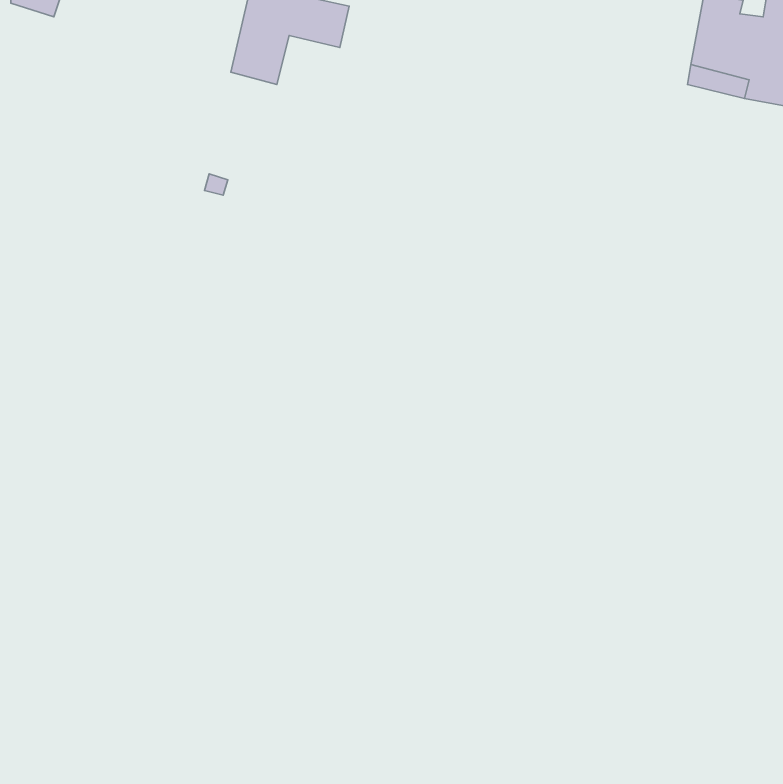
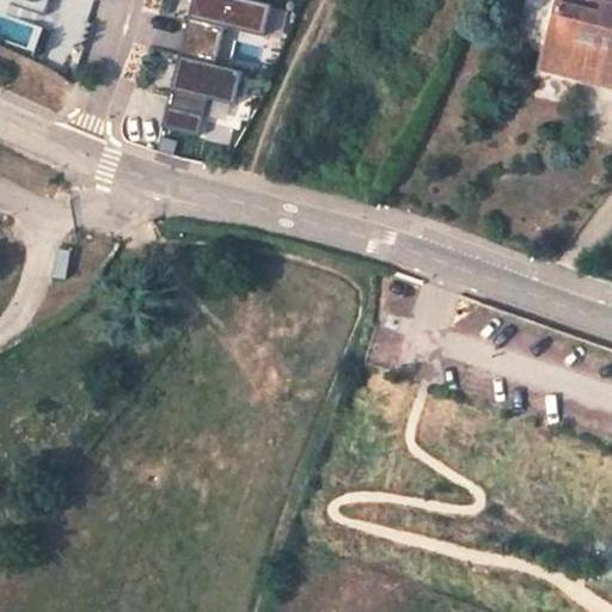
building: none -> [164,56,246,135]

